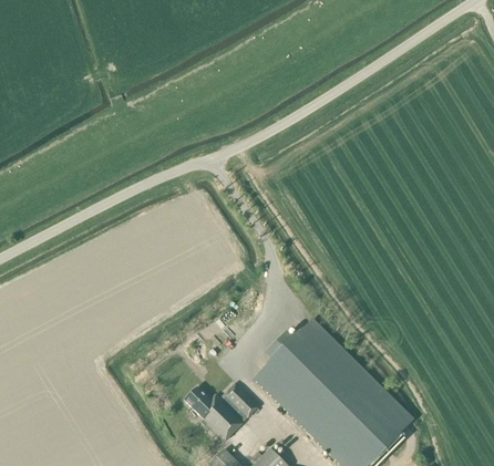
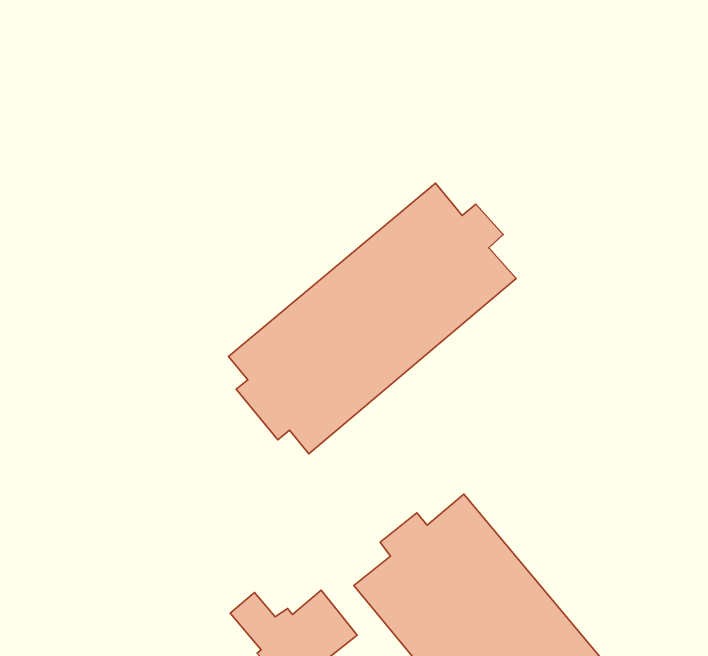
building: none -> [228,183,516,454]

